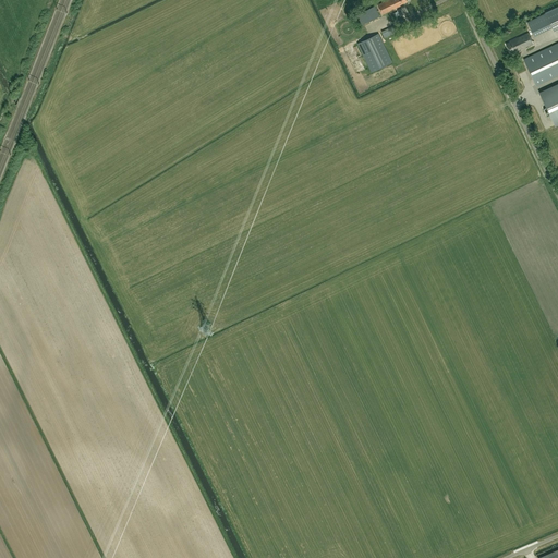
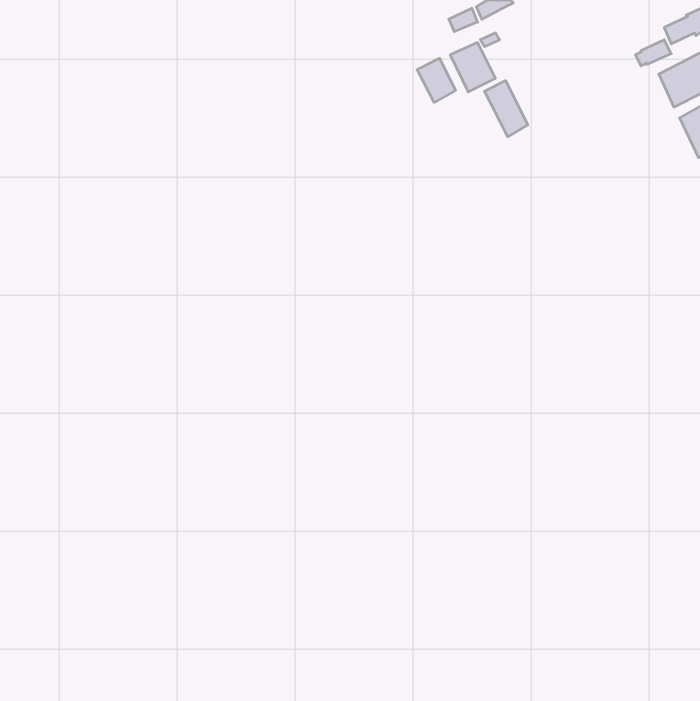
building: none -> [417,58,456,102]
building: none -> [484,81,528,137]

